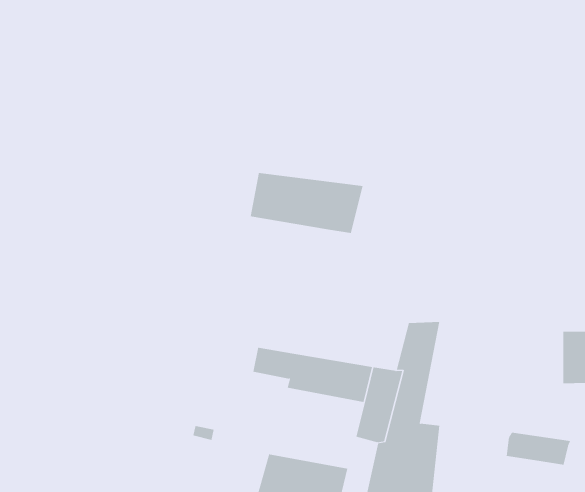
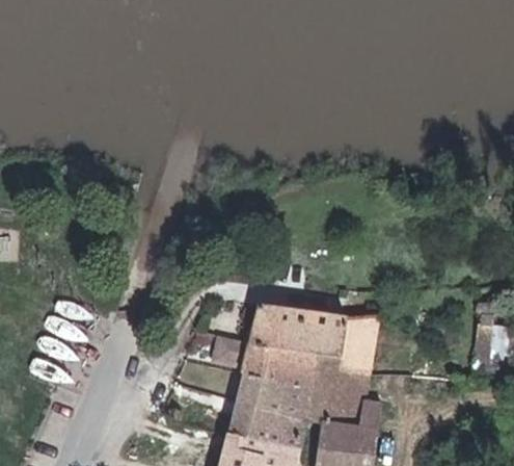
building: [250,172,364,234] -> [253,306,350,358]
building: none -> [232,372,313,441]
building: [506,432,571,466] -> none

